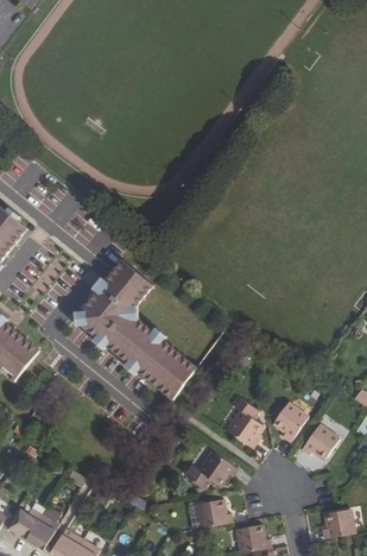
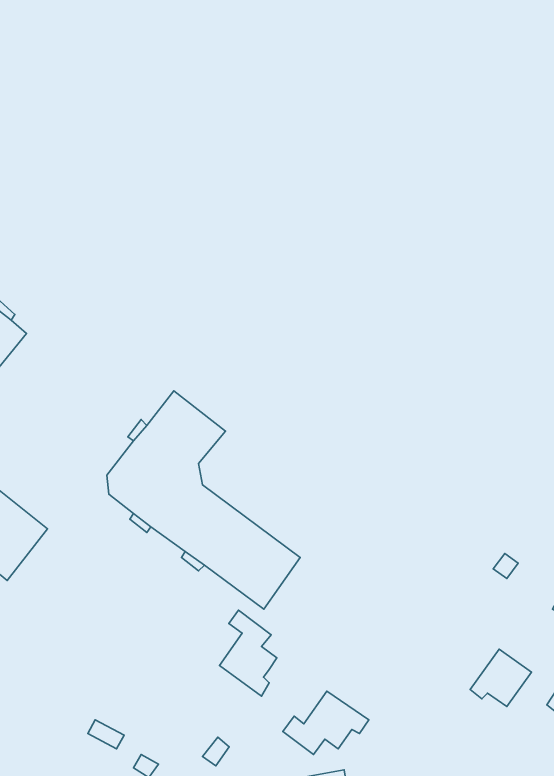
building: [227,396,262,449] -> [219,610,277,696]
building: [272,402,309,442] -> none

